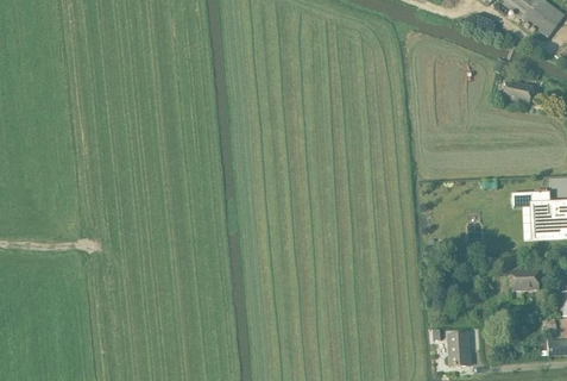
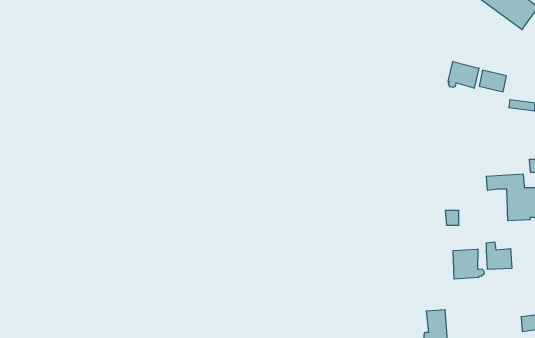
building: none -> [448,61,479,88]
building: none -> [453,249,484,279]

